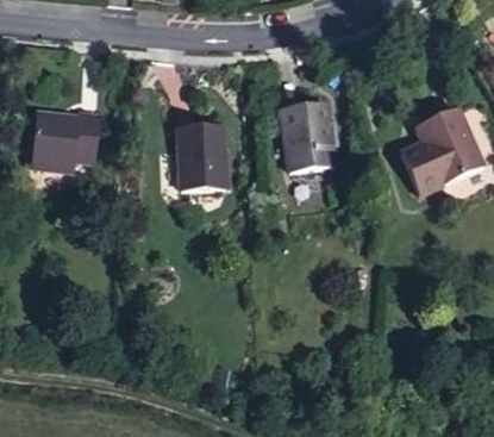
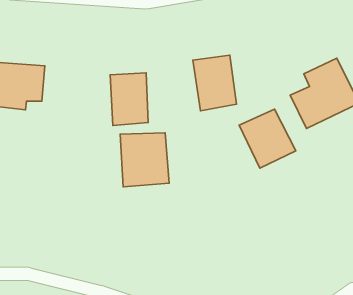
building: none -> [239,109,296,168]
building: none -> [120,133,169,187]

